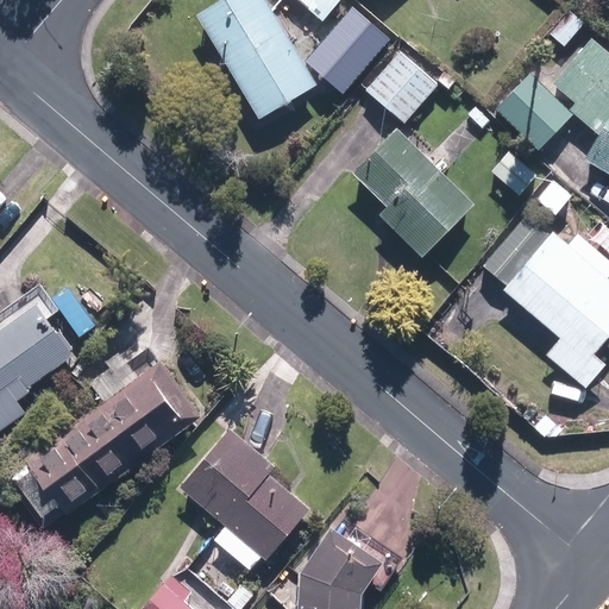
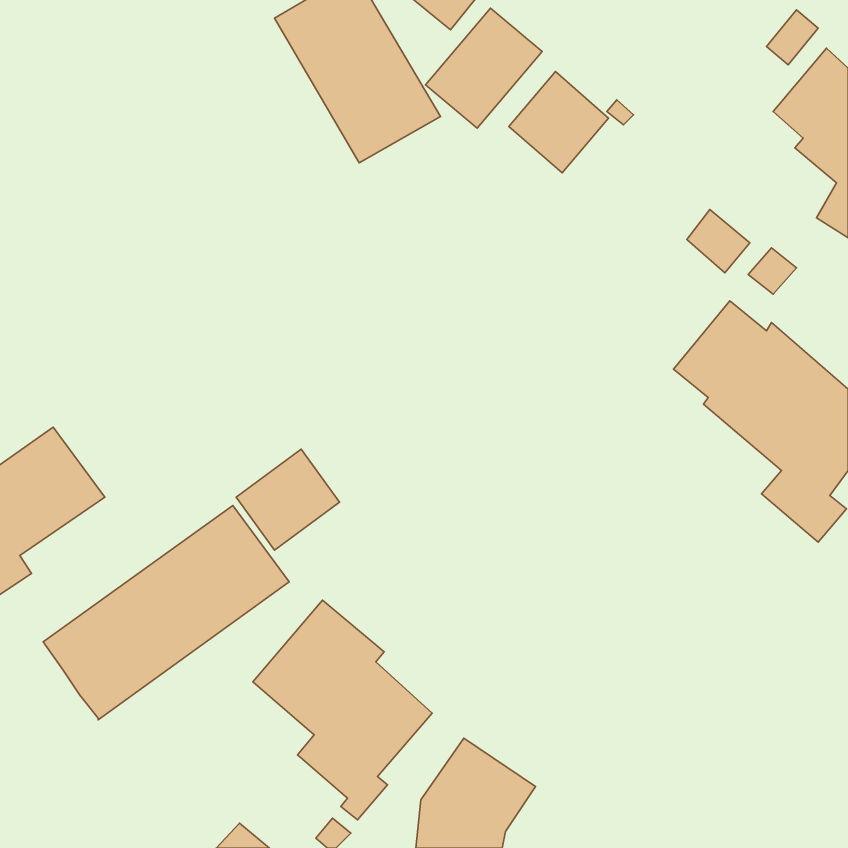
building: [495,73,571,149] -> none
building: [351,128,472,257] -> none
building: none -> [236,449,339,550]

